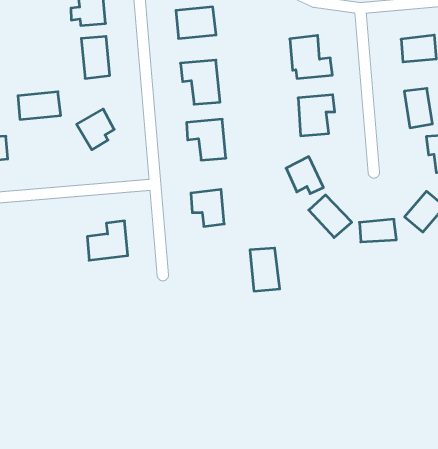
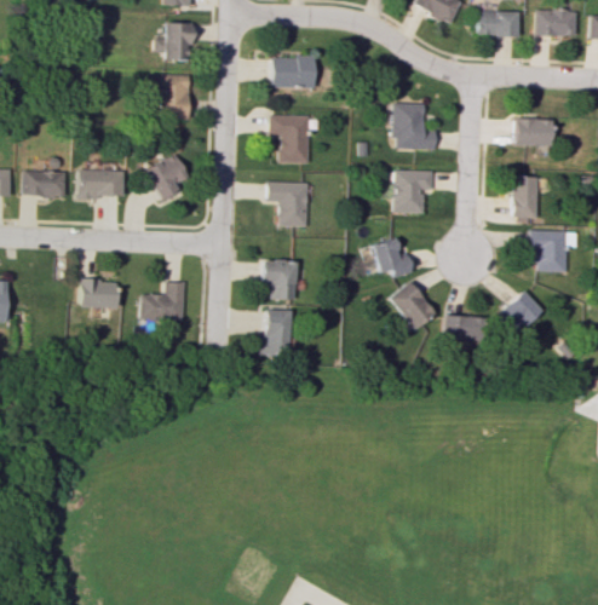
building: [18,92,61,119] -> [76,169,122,197]
building: none -> [77,280,115,309]
building: [250,248,280,291] -> [263,309,292,356]

